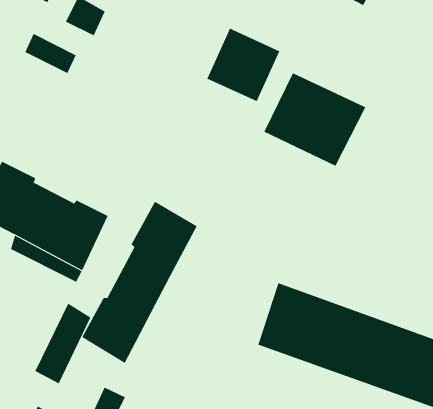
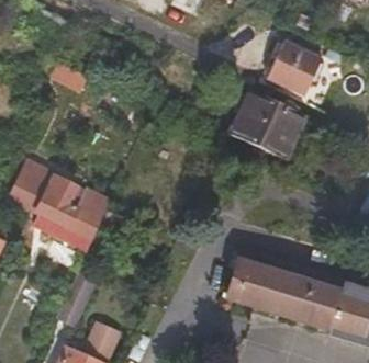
building: [206,28,280,102] -> [262,49,318,105]
building: [82,201,197,364] -> none

